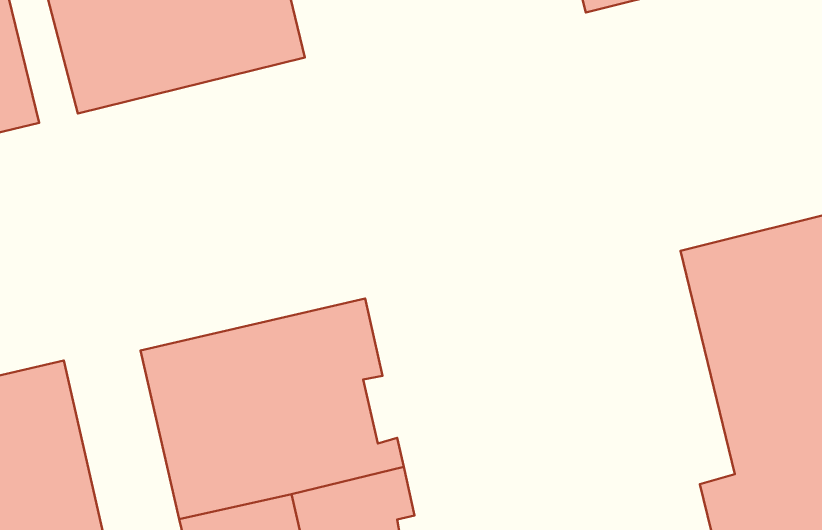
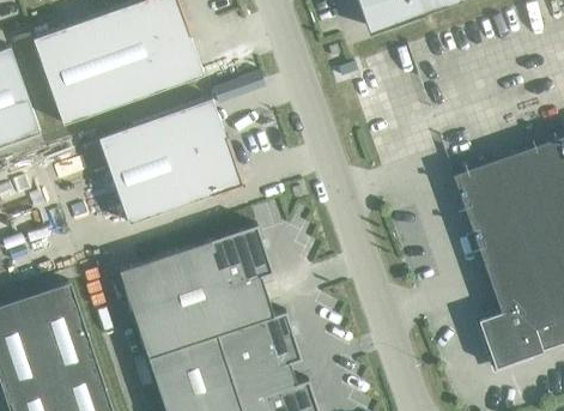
building: none -> [98,98,242,224]

